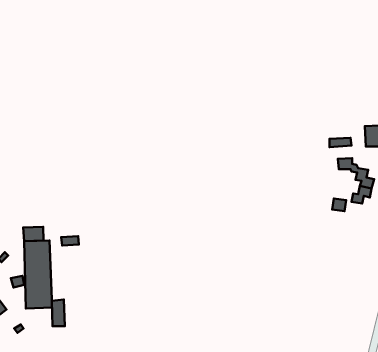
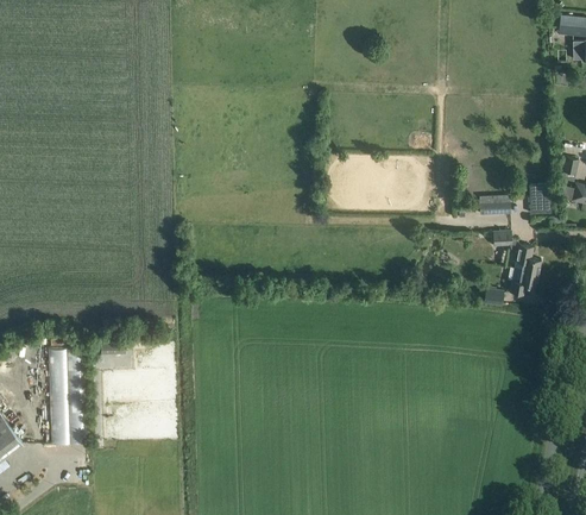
building: [23,227,43,241] -> none
building: [52,300,65,326] -> none

